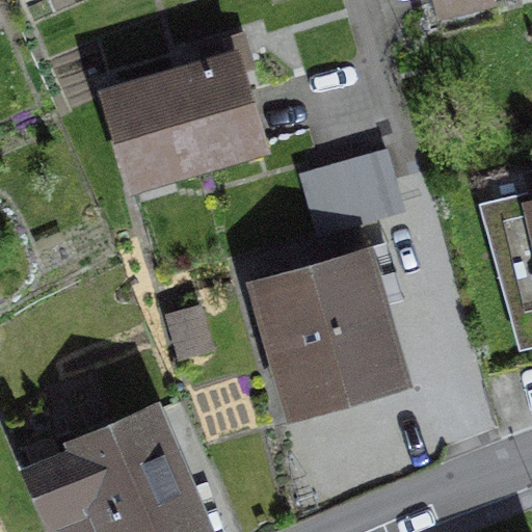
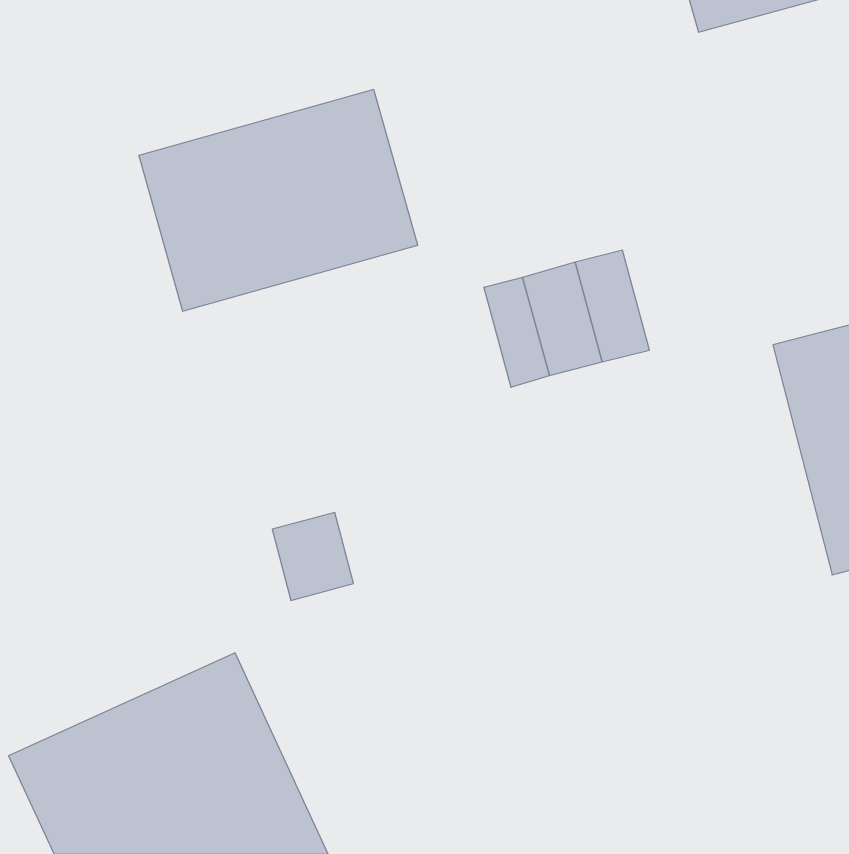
building: [249,250,408,416] -> none

